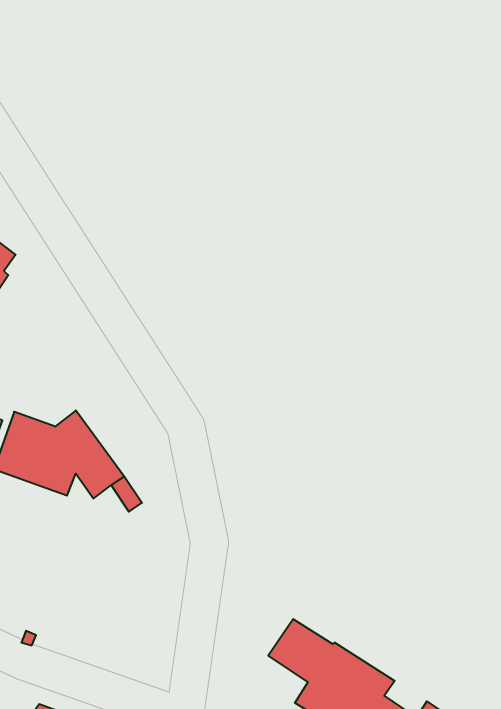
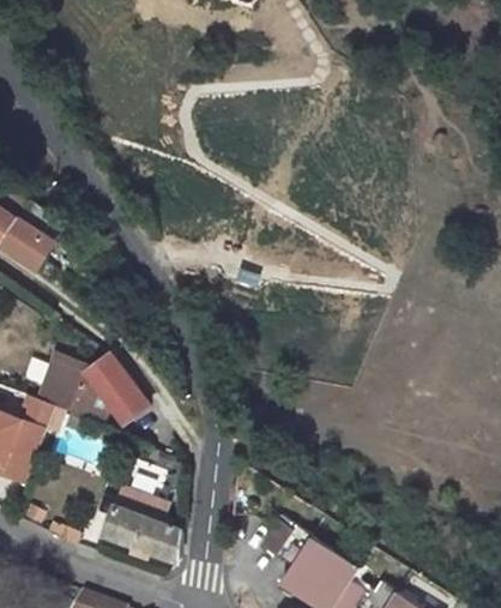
building: none -> [99,488,176,561]

